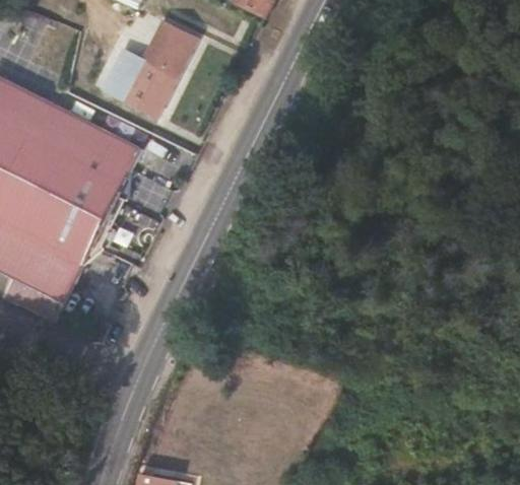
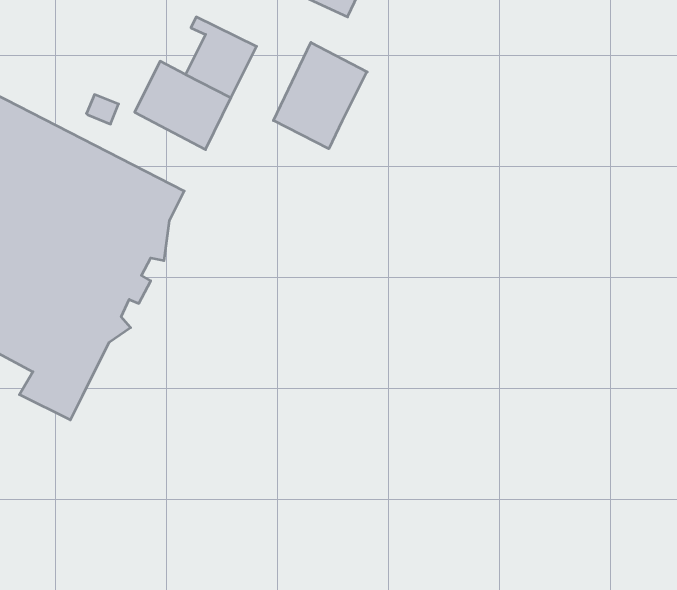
building: none -> [273,42,367,149]

